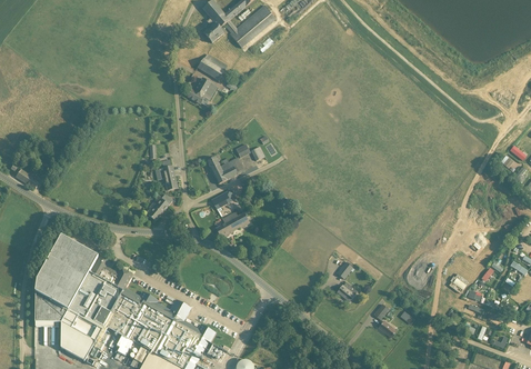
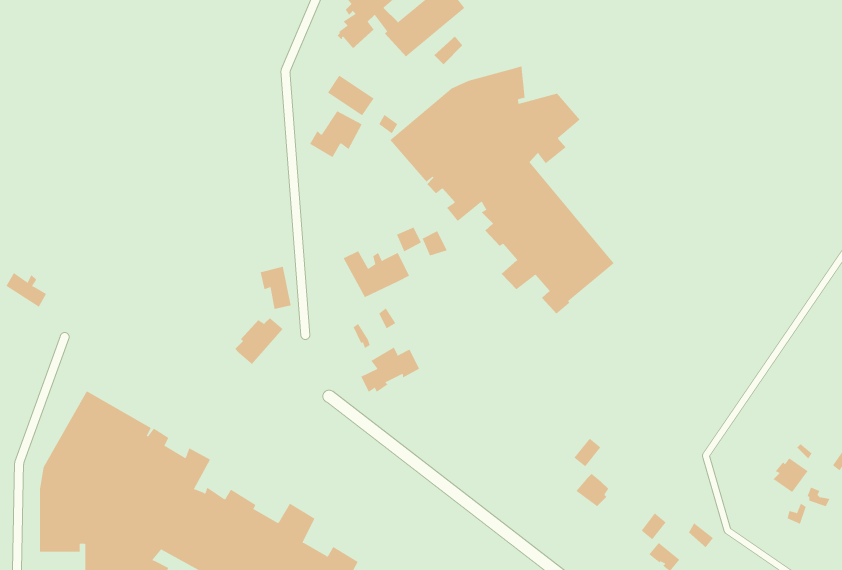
building: none -> [389,66,614,314]

